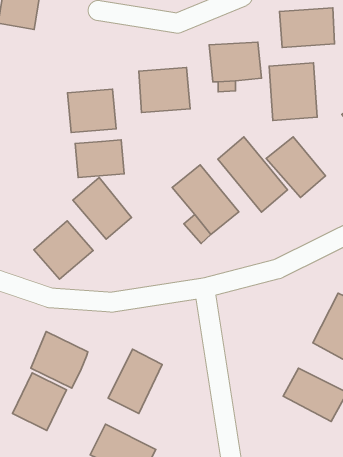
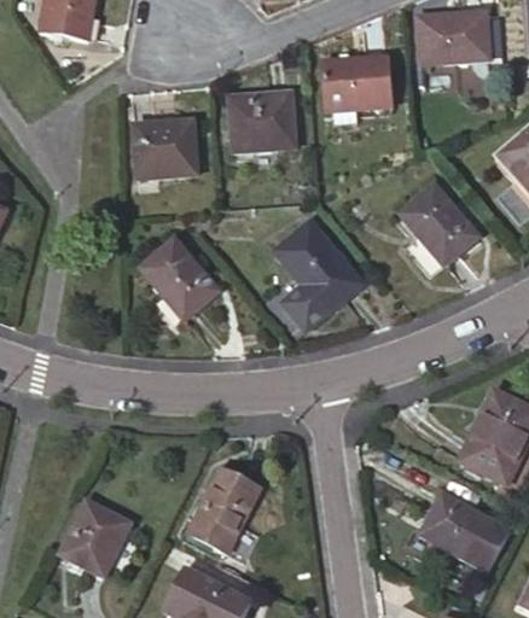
building: [269,63,317,121] -> none
building: [218,137,288,212] -> none
building: [75,140,124,178] -> none
building: [34,221,93,279] -> none
building: [31,331,88,388] -> none

